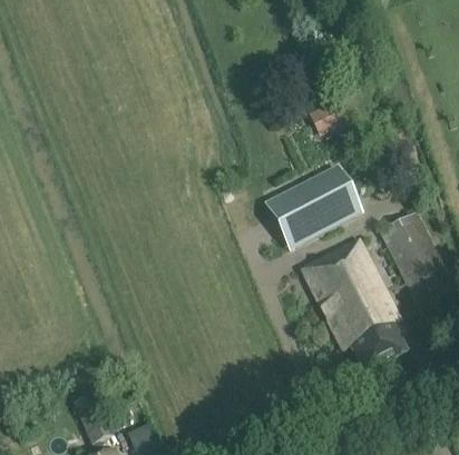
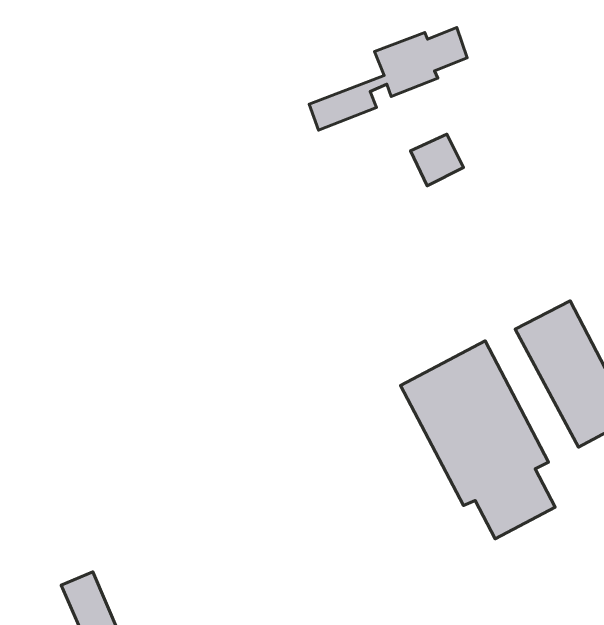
building: none -> [309,27,467,130]
building: [273,169,357,243] -> none

